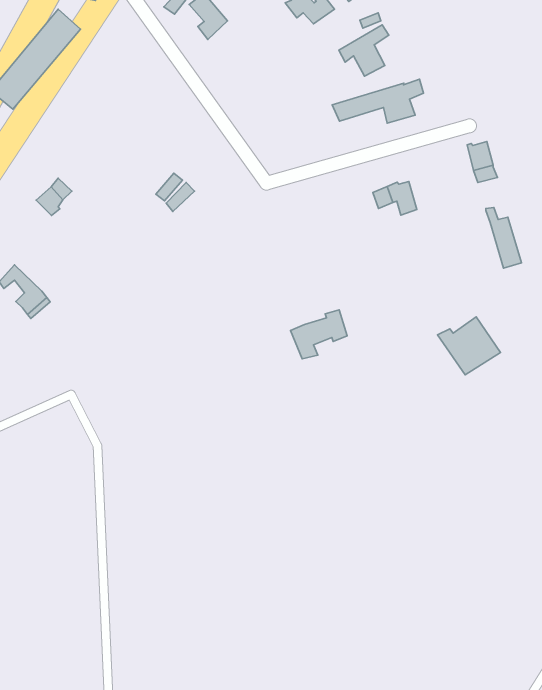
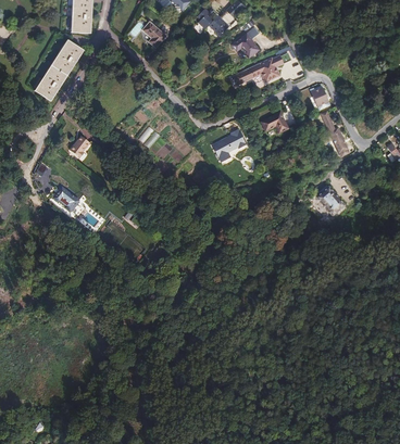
building: [290,310,347,359] -> [210,129,242,160]

